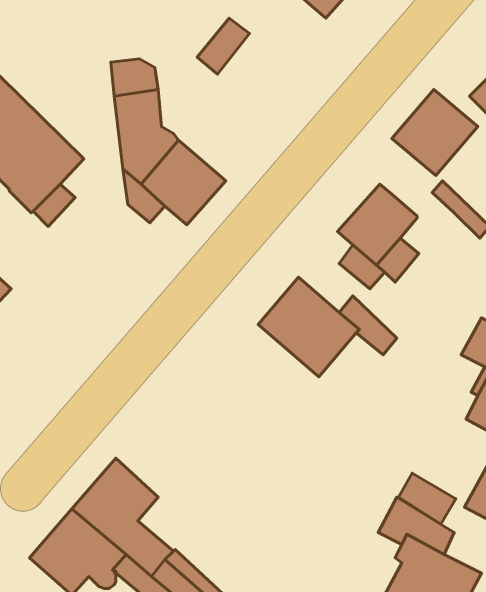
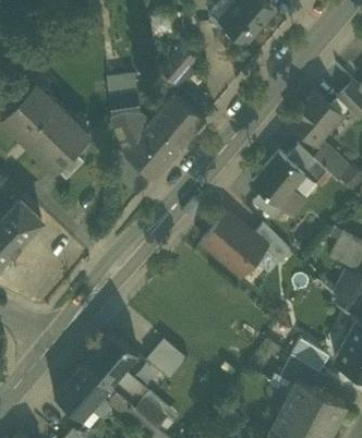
building: none -> [150,95,206,150]
building: none -> [288,145,328,185]
building: none -> [146,340,188,380]

